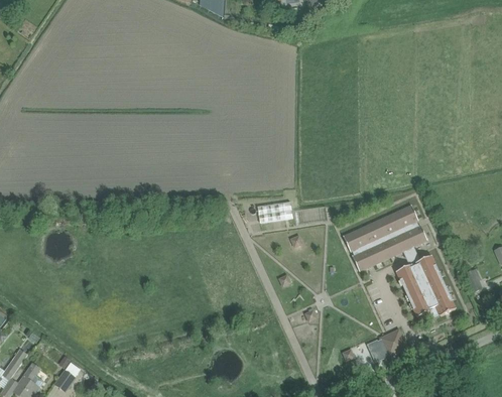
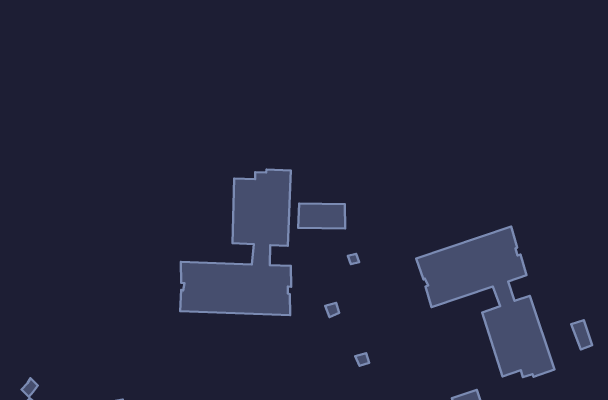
building: none -> [180,170,291,315]

